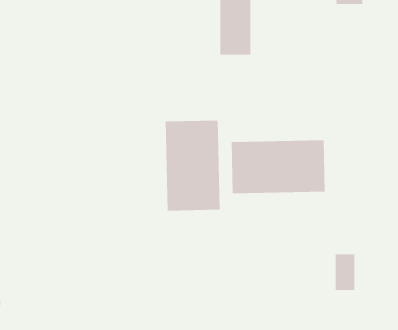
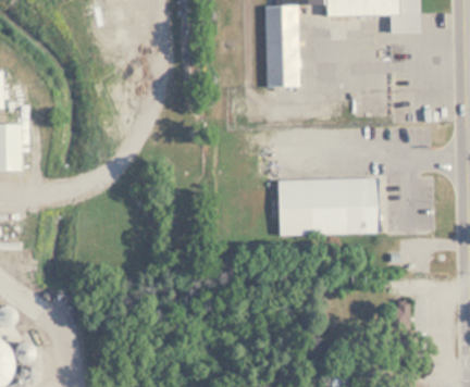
building: [165,120,220,211] -> none

